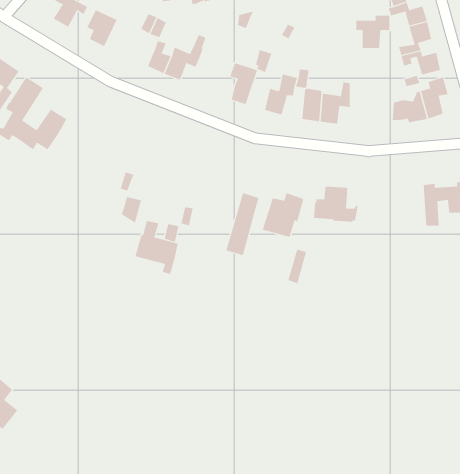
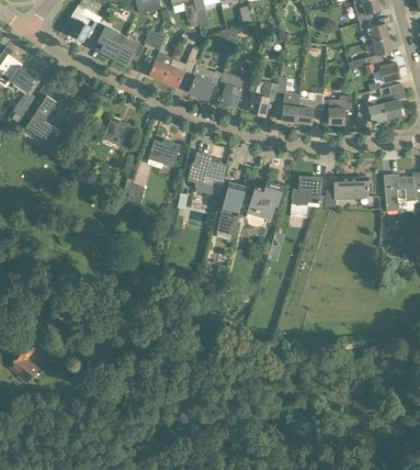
building: [355,15,390,49] -> [322,96,352,124]
building: none -> [113,35,145,66]
building: none -> [190,68,223,99]
building: none -> [102,121,136,149]
building: none -> [148,139,181,167]
building: none -> [327,176,368,208]
building: [135,220,178,275] -> [186,152,224,198]

